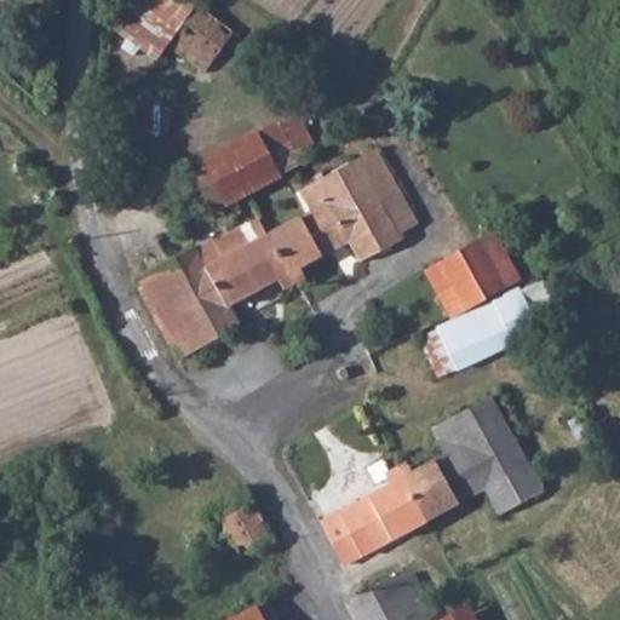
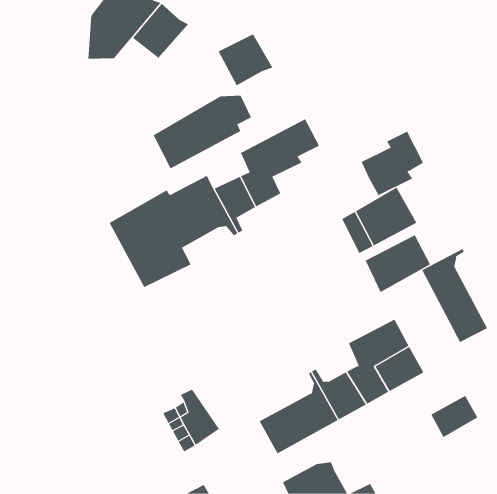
building: none -> [218,34,273,86]
building: [340,182,419,263] -> [361,131,424,196]
building: none -> [422,248,488,343]
building: [484,464,544,517] -> [430,395,478,438]

